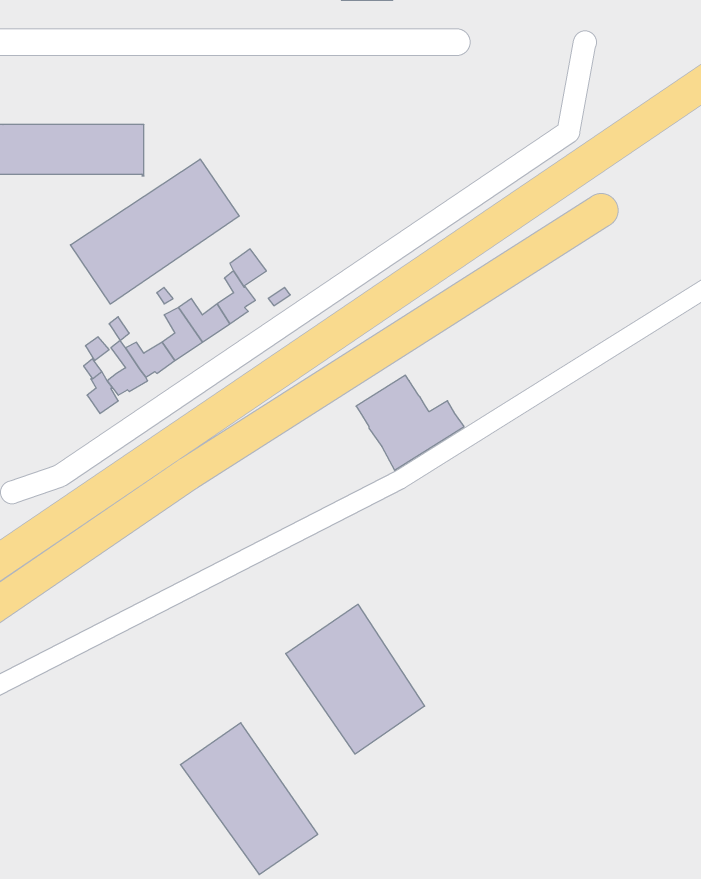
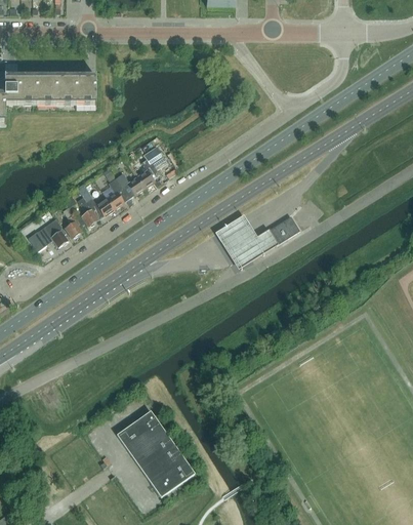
building: [70,159,239,304] -> none
building: none -> [266,213,299,243]
building: none -> [29,218,68,249]
building: [286,604,425,754] -> none

